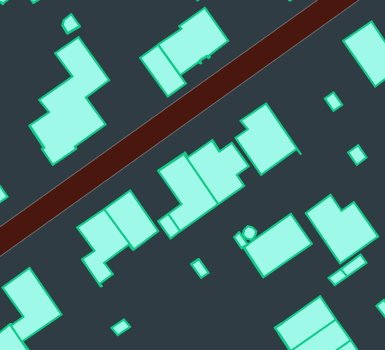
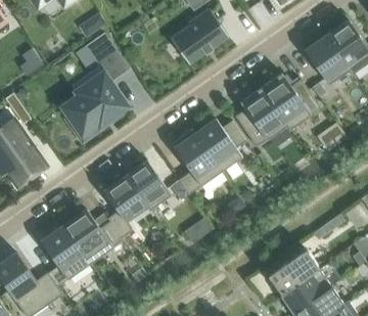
building: none -> [305,36,352,85]
building: [140,45,186,96] -> none
building: [306,195,378,264] -> [261,73,321,130]
building: [244,214,312,277] -> none
building: none -> [63,209,123,264]

